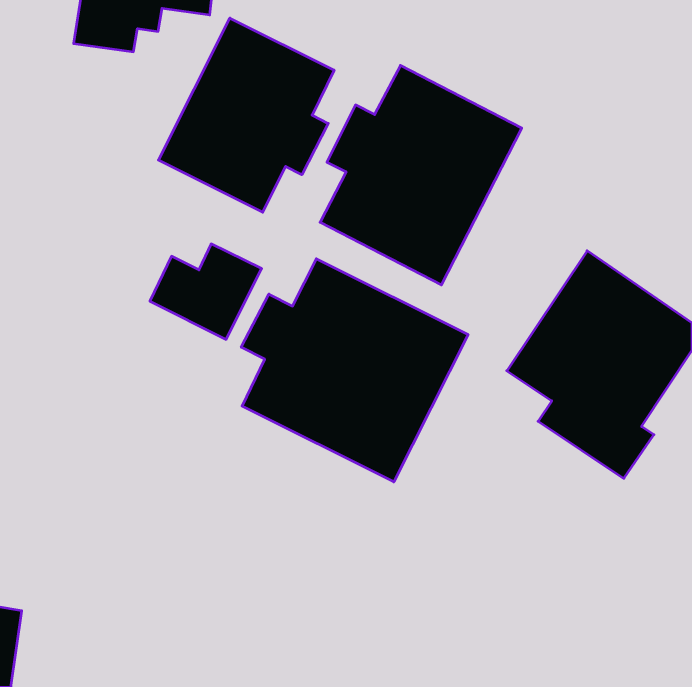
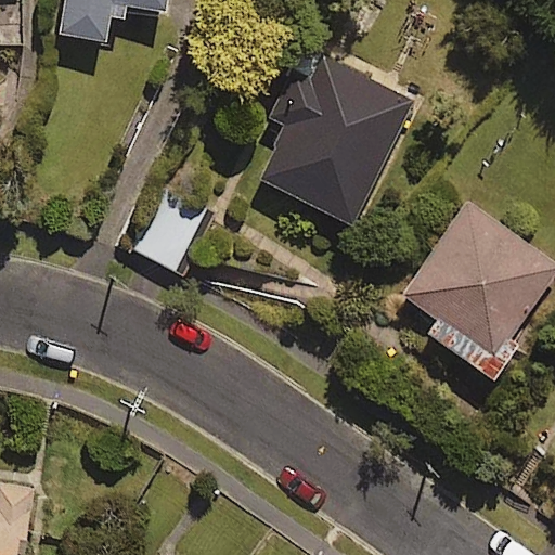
building: [158,18,334,212] -> none
building: [241,259,468,482] -> none

